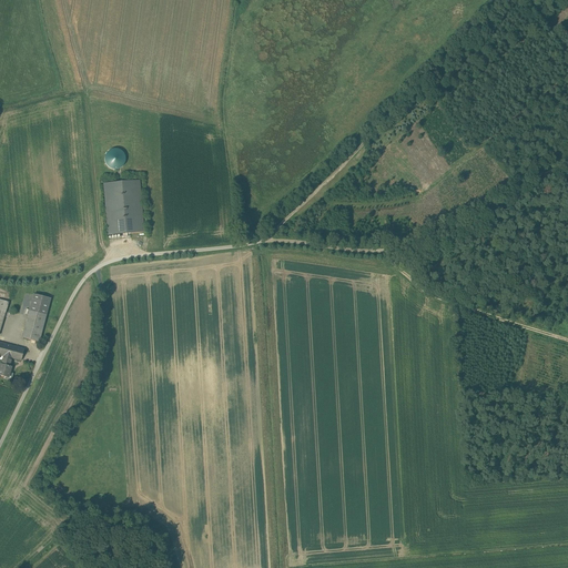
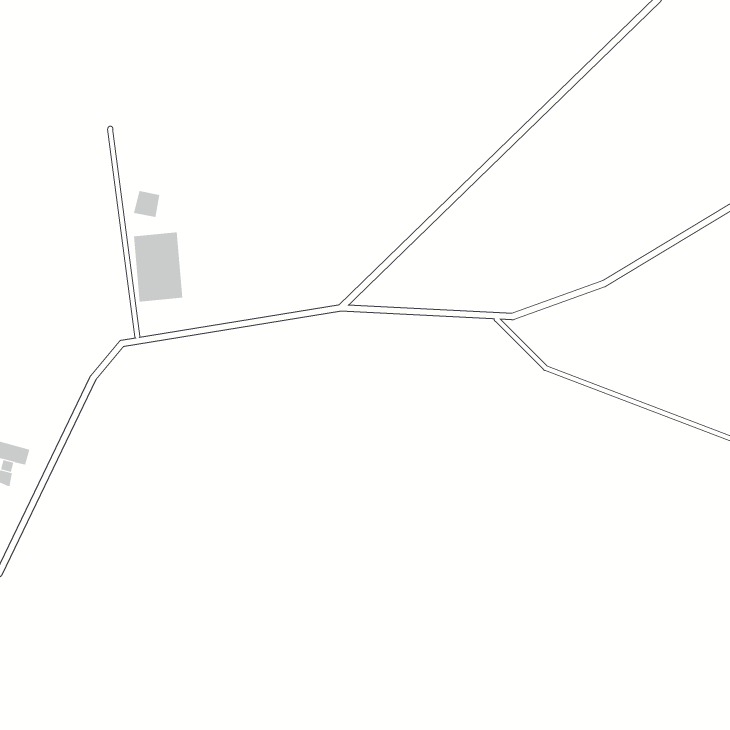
building: [21,293,50,341] -> none

